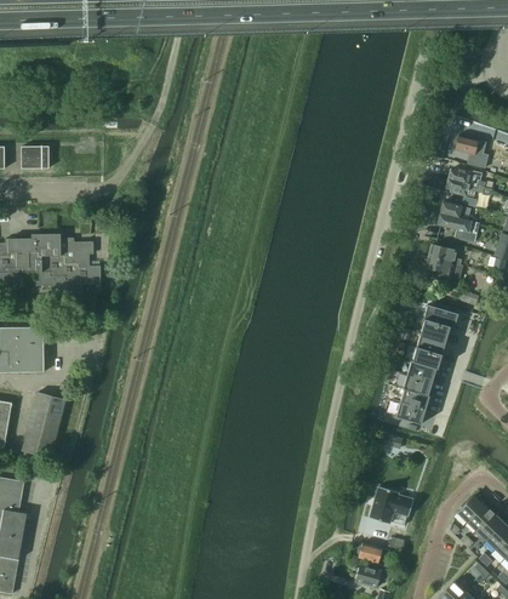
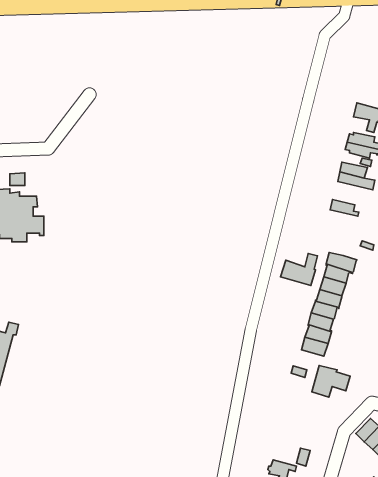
building: [426,256,460,283] -> none
building: none -> [280,254,318,285]
building: [370,486,413,523] -> [312,365,350,397]

